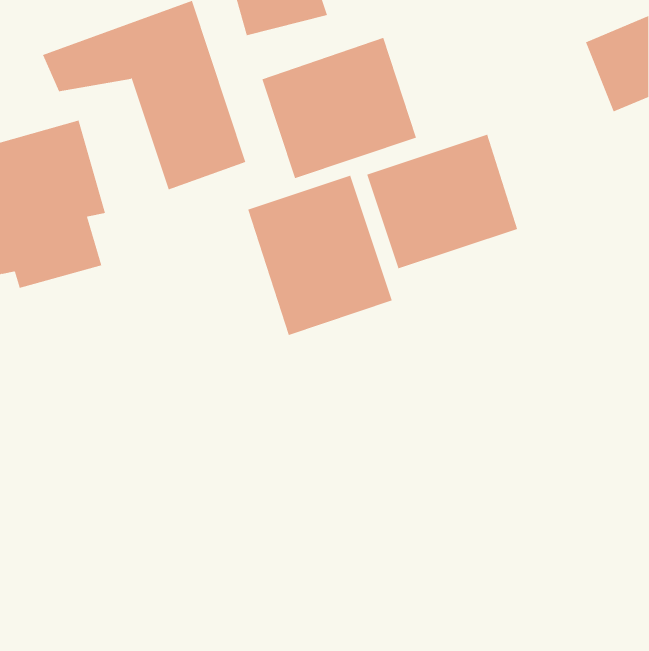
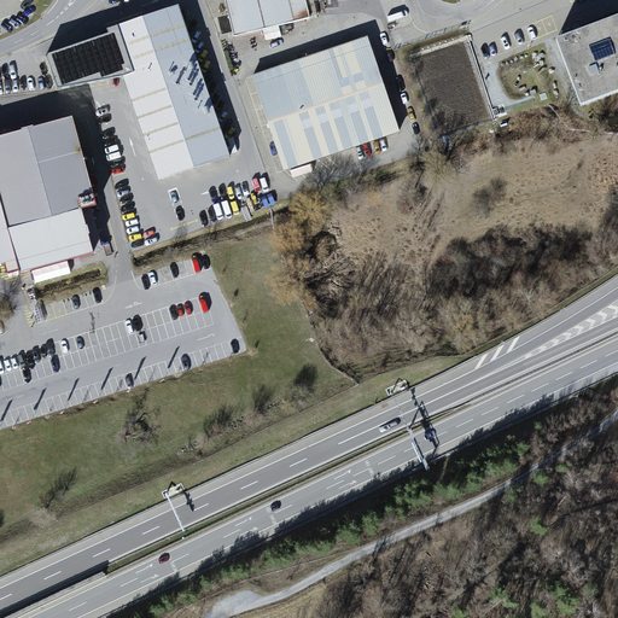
building: [367,134,518,269] -> none
building: [248,175,392,336] -> none

